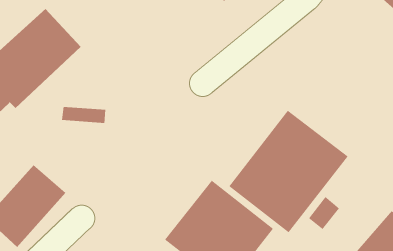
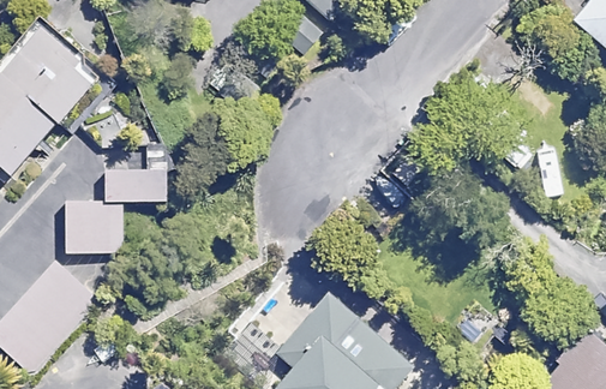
building: [228,110,349,233] -> none
building: none -> [54,197,125,264]

